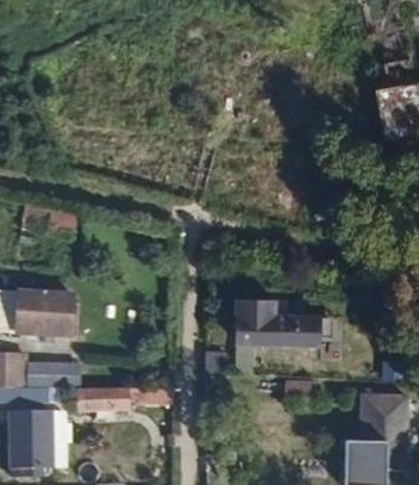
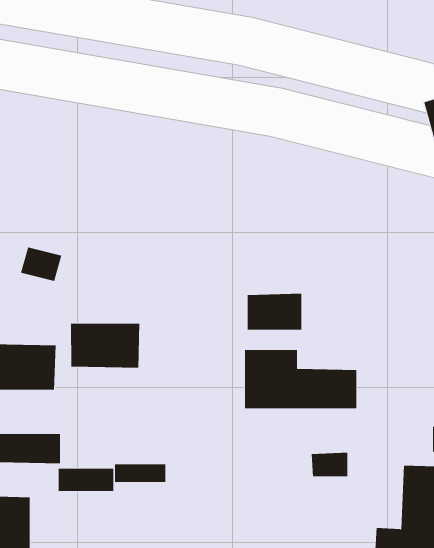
building: none -> [247,293,302,331]
building: none -> [70,323,140,368]

